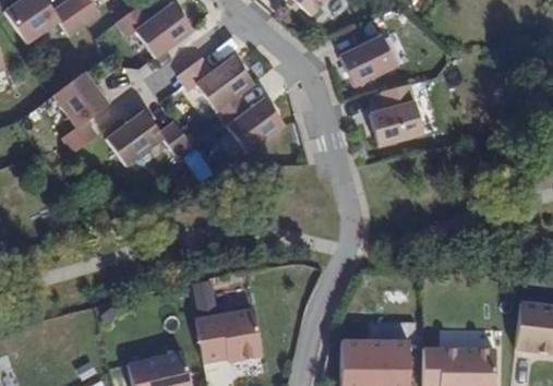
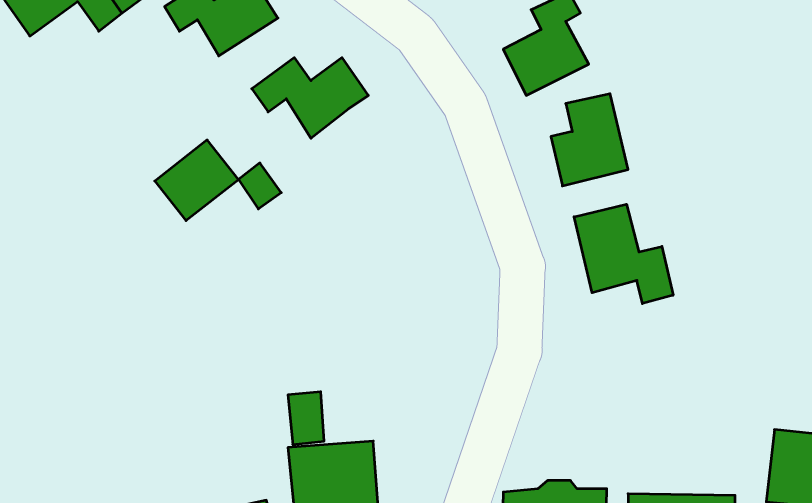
building: [53,73,108,150] -> none
building: [213,92,281,154] -> none
building: none -> [574,204,673,304]

